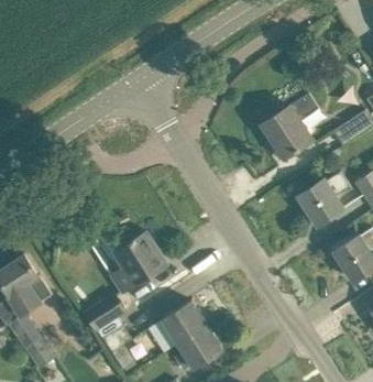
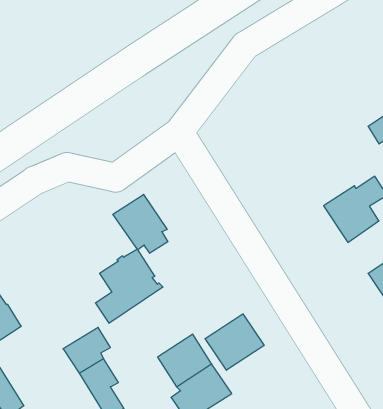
building: [261,94,317,160] -> none
building: none -> [113,194,168,253]
building: none -> [205,314,264,370]

